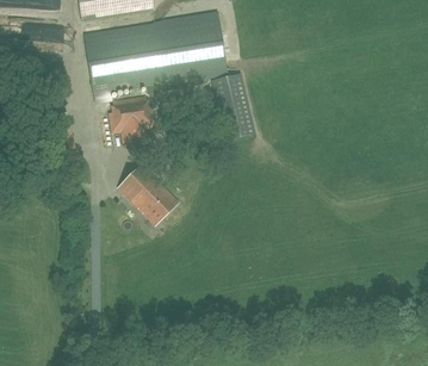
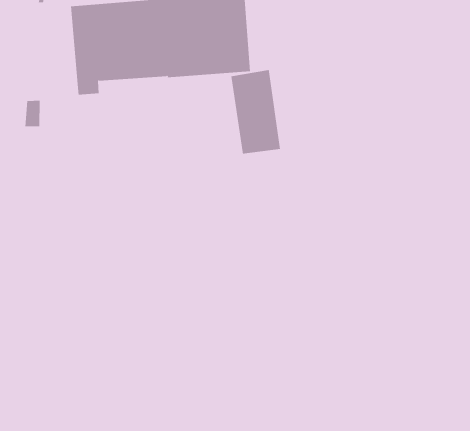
building: [107,104,154,143] -> none
building: [117,162,176,223] -> none

